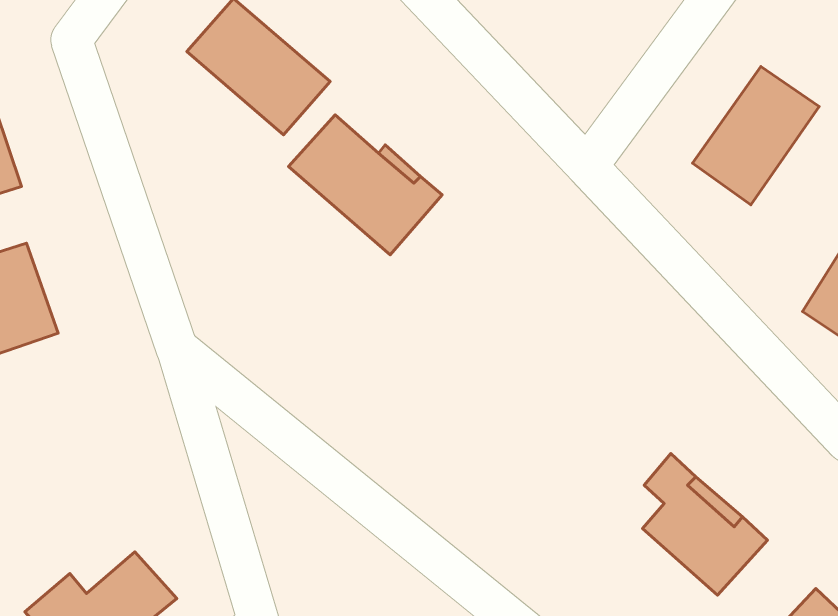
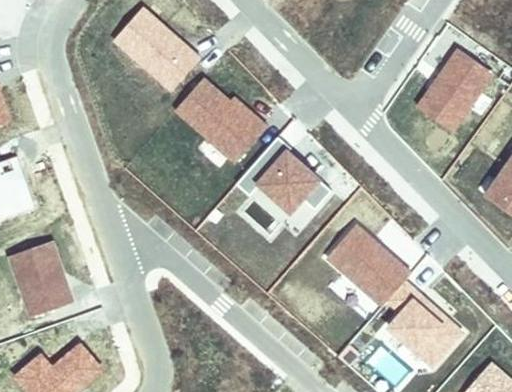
building: none -> [236,137,331,212]
building: none -> [326,224,410,306]
building: none -> [8,239,76,319]

